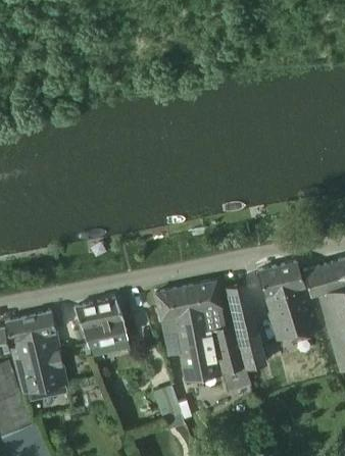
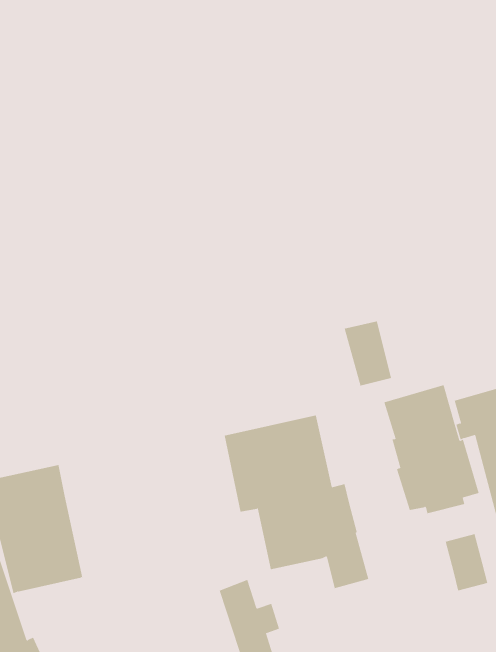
building: [224,283,254,324] -> [344,321,392,386]
building: [75,299,129,357] -> none
building: [237,332,264,368] -> [445,534,488,591]

